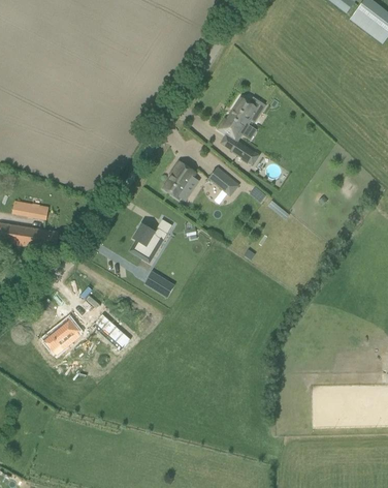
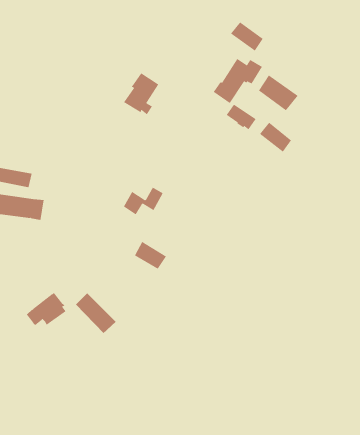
building: none -> [230,21,263,52]
building: none -> [258,74,298,111]
building: [162,160,196,201] -> [123,73,159,115]
building: [207,166,238,195] -> [259,122,292,152]

